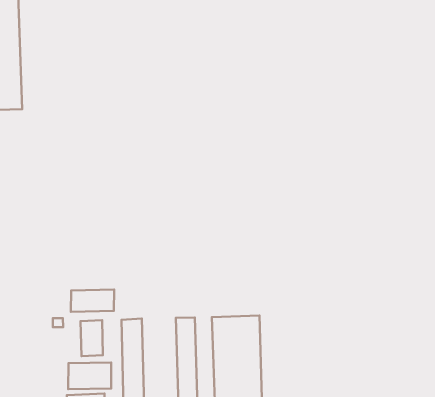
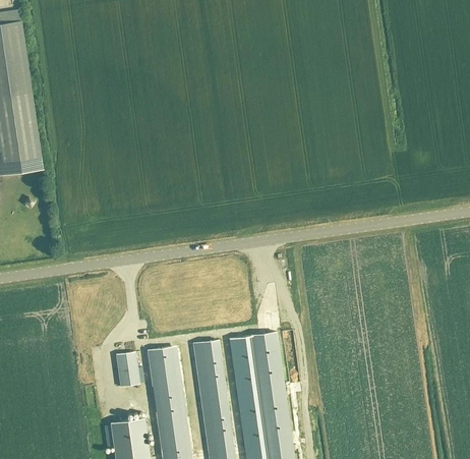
building: [71,289,114,312] -> none
building: [68,362,111,389] -> none

